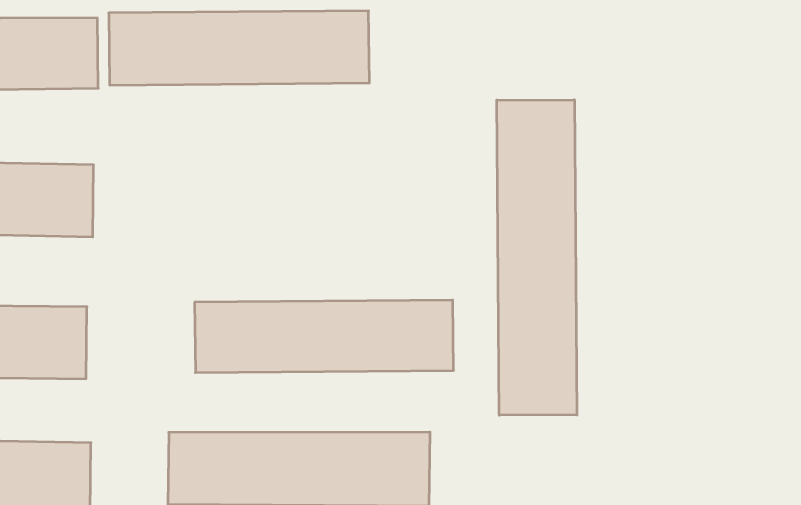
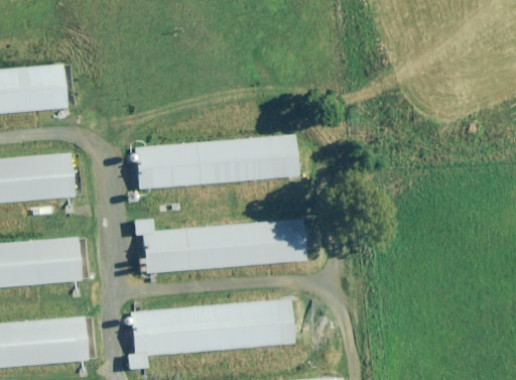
building: [109,11,369,85] -> [130,133,290,191]
building: [497,100,577,415] -> none

